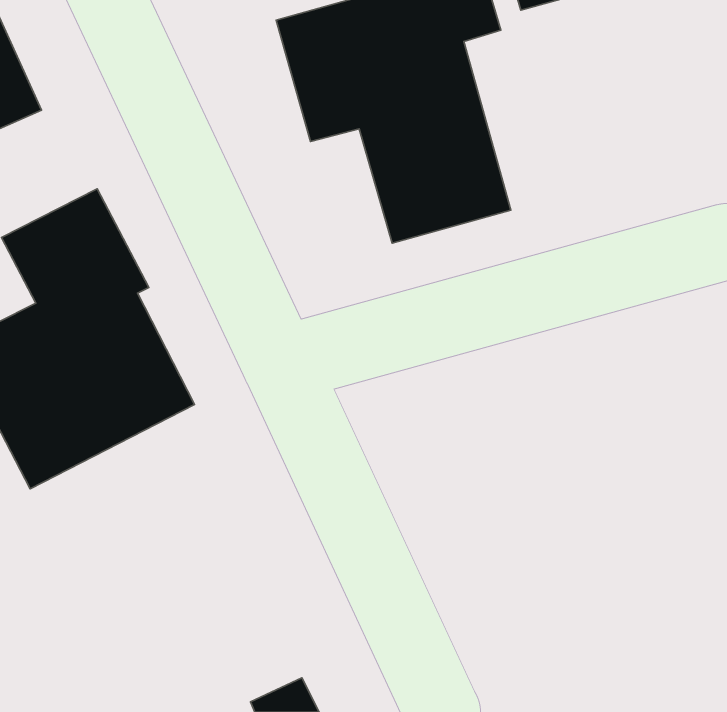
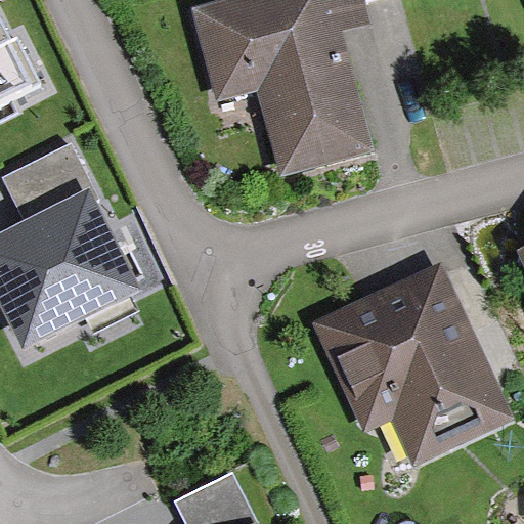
building: none -> [326,271,508,457]

